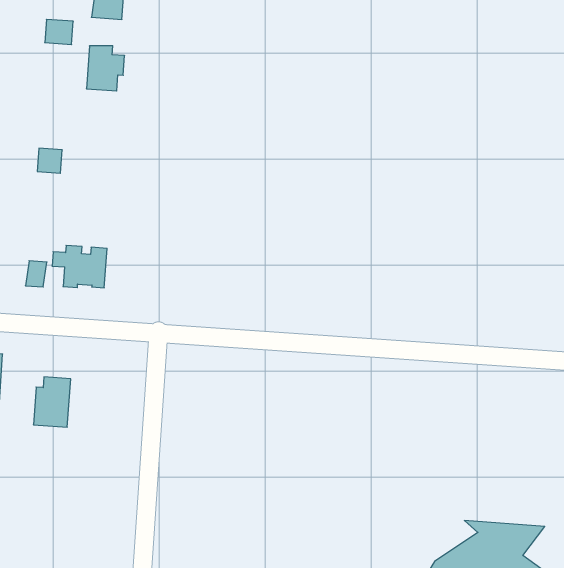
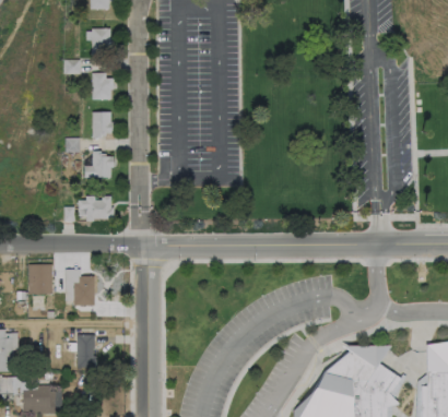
building: none -> [93,111,113,139]
building: none -> [85,151,114,177]
building: none -> [76,334,95,368]

